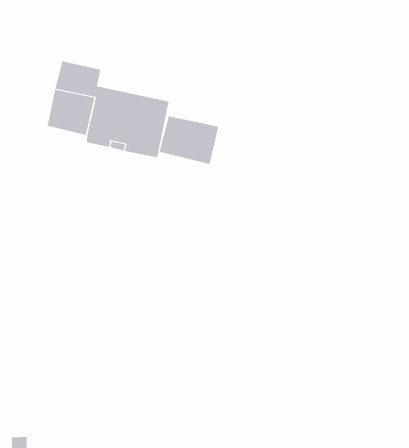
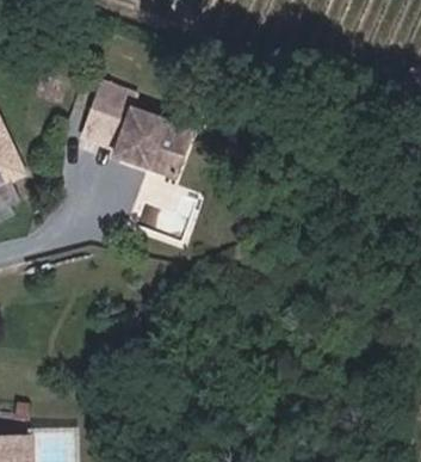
building: [159,116,219,165] -> none

